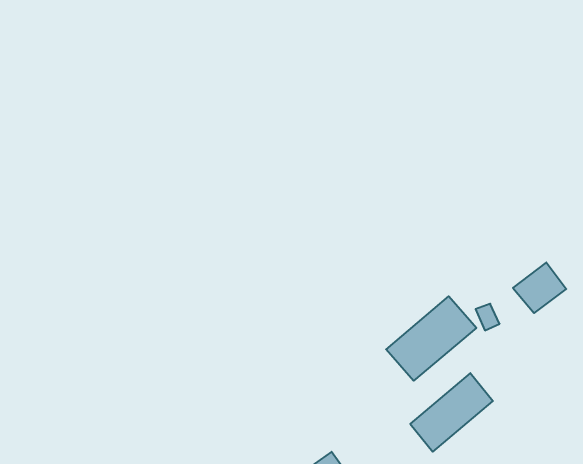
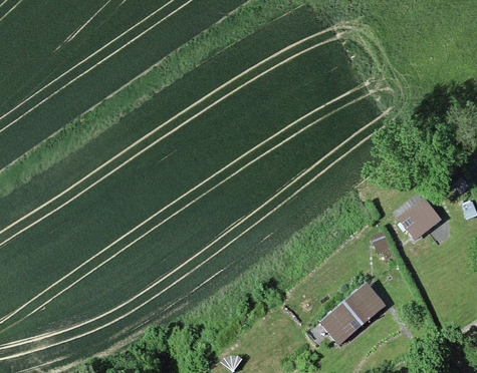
building: [386,296,476,381] -> none

